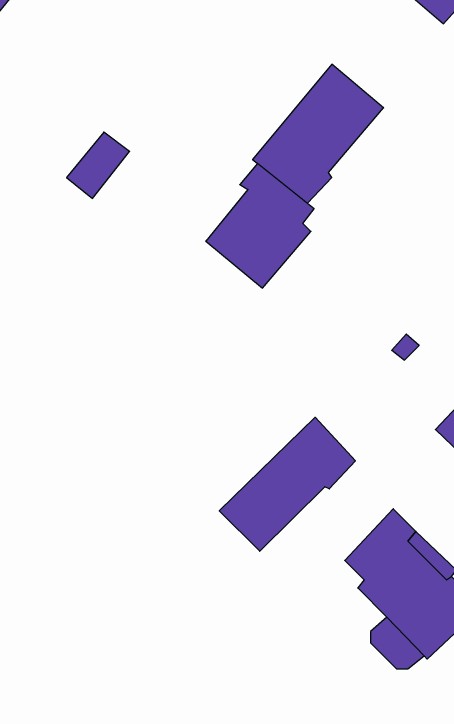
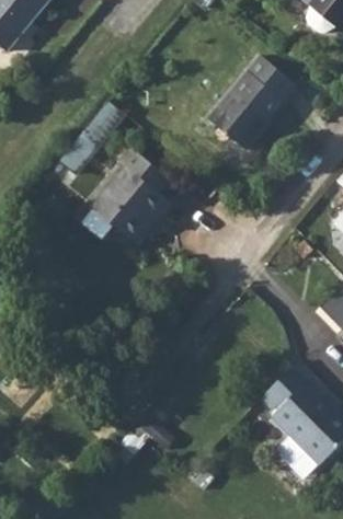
building: [206,164,314,288] -> [85,154,159,239]
building: [219,417,355,551] -> none

